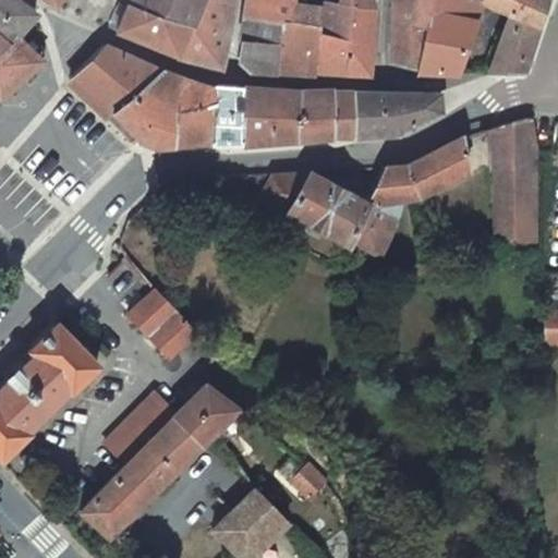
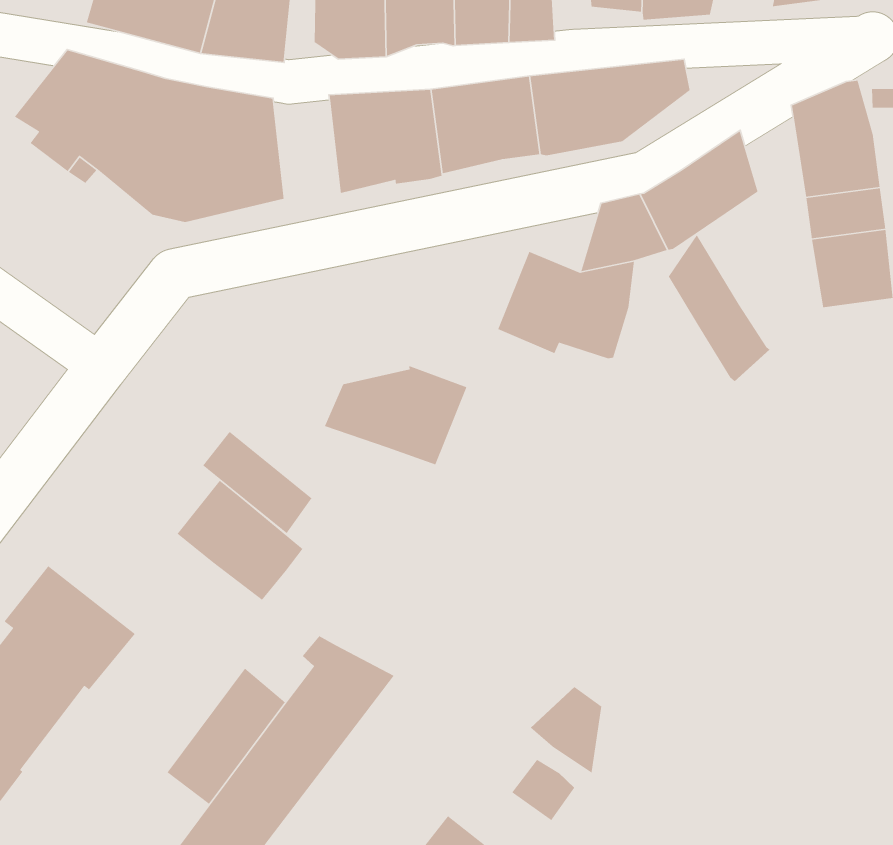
building: [211,87,244,144] -> none
building: [260,172,341,229] -> [324,365,468,466]
building: none -> [668,234,770,382]
building: none -> [202,431,312,534]
building: none -> [530,686,602,774]

